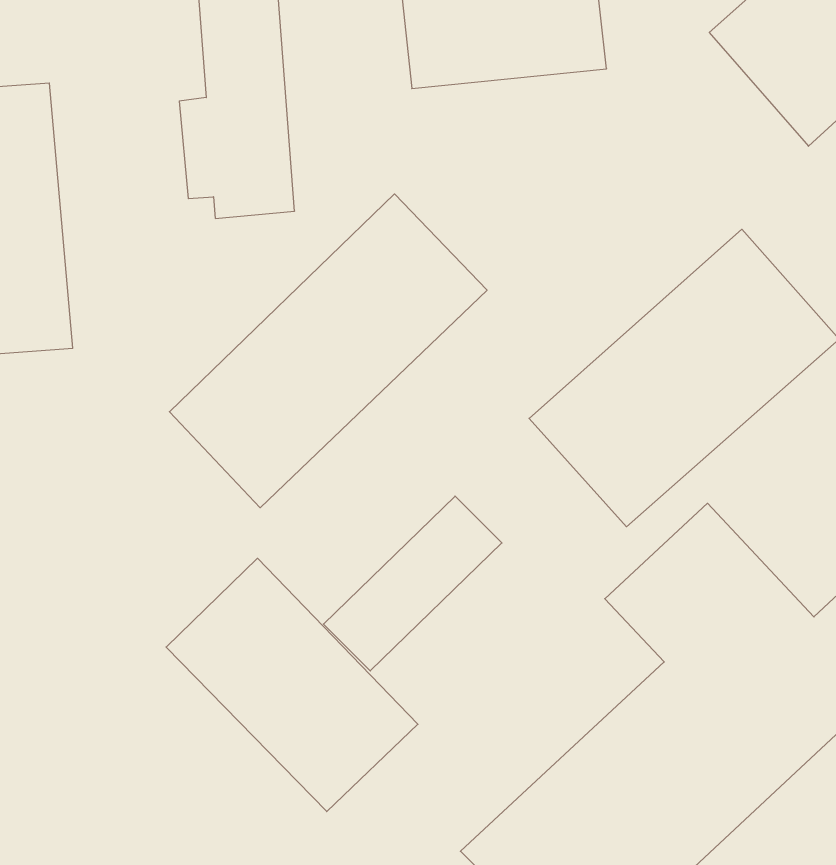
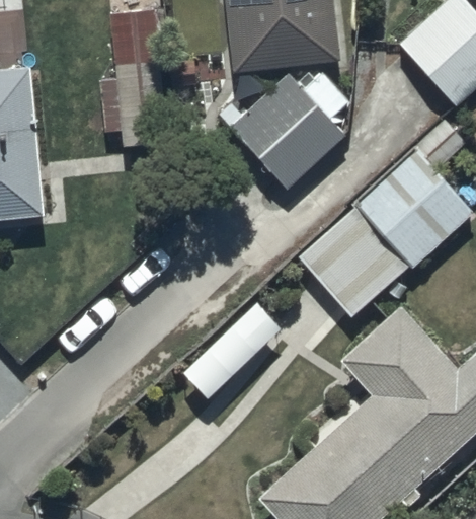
building: none -> [228,72,344,189]
building: [169,194,487,508] -> none
building: [166,558,418,812] -> none

